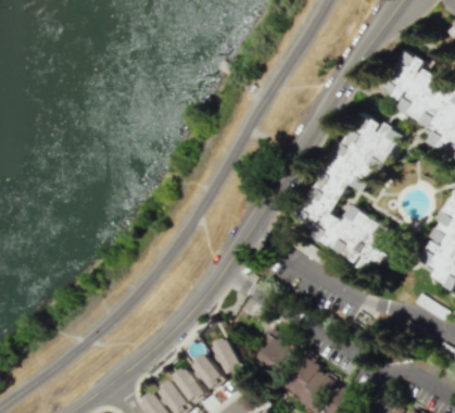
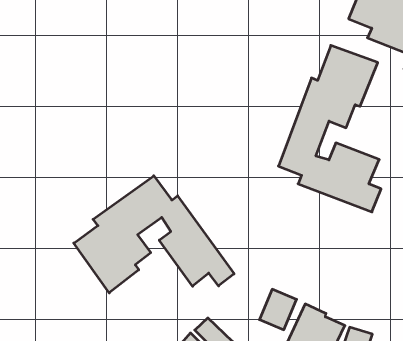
building: none -> [74,176,234,293]
building: [213,336,243,373] -> none

